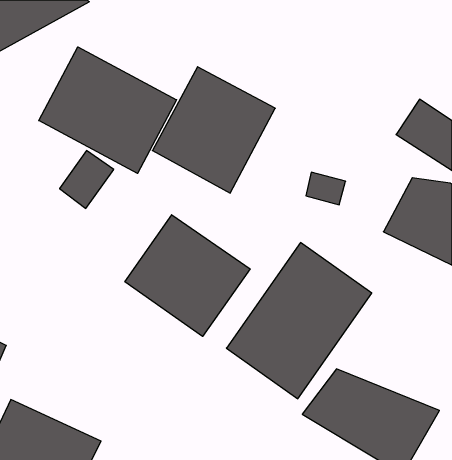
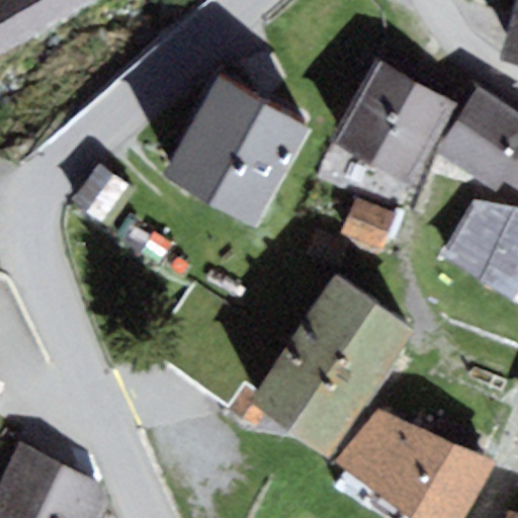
building: [39,47,177,173] -> none
building: none -> [331,61,457,186]
building: [125,215,250,336] -> none

